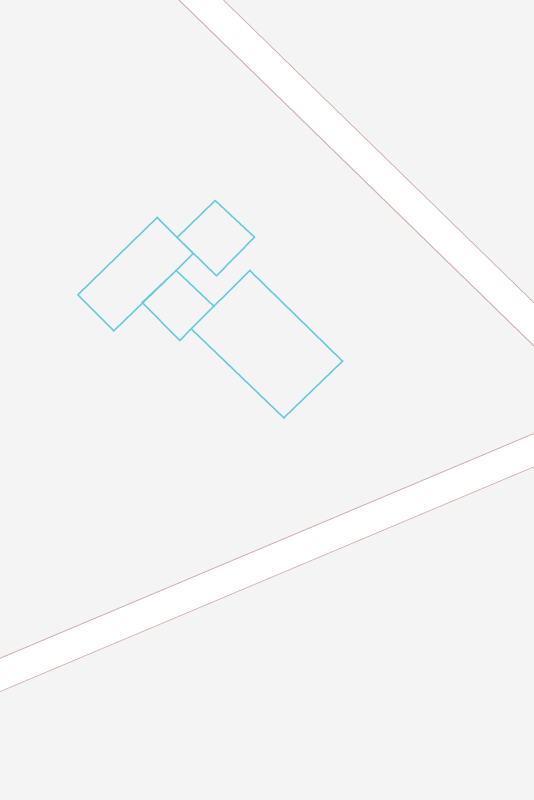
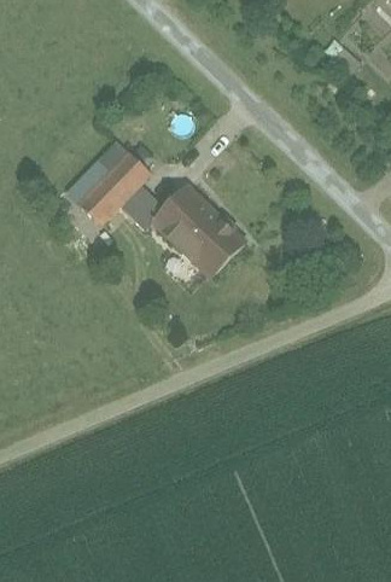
building: [177,201,254,276] -> none

